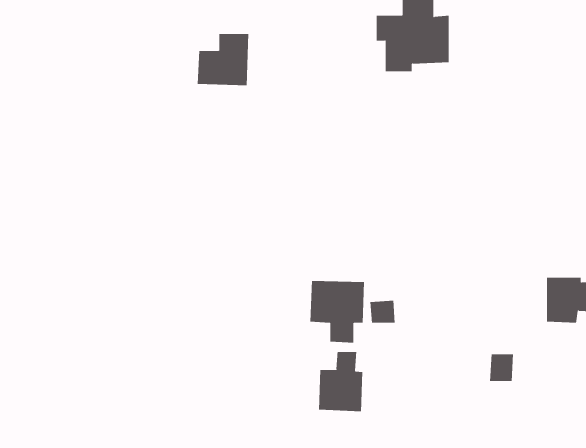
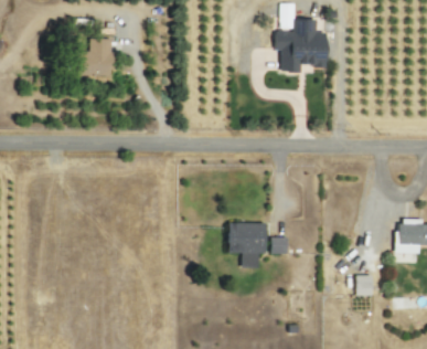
building: [197,34,249,86] -> [74,40,111,77]
building: [318,351,363,412] -> none

